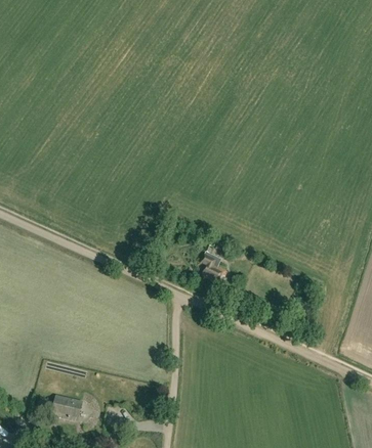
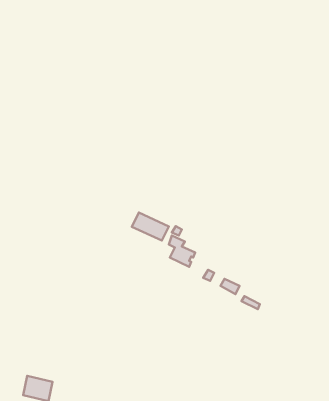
building: none -> [132,213,169,241]

